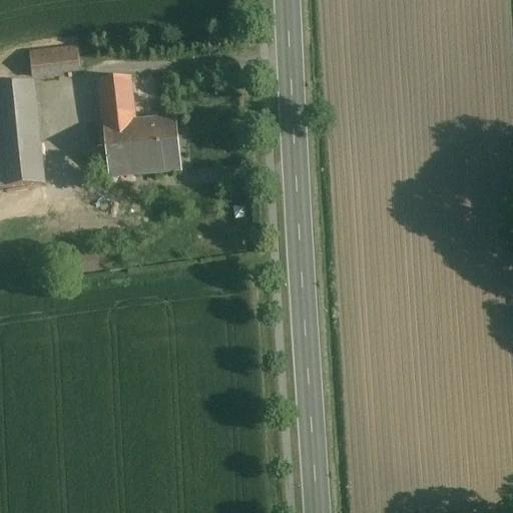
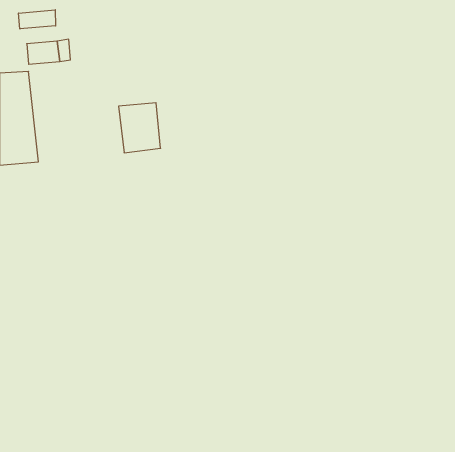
building: none -> [19,10,56,29]
building: [98,74,139,174] -> none

